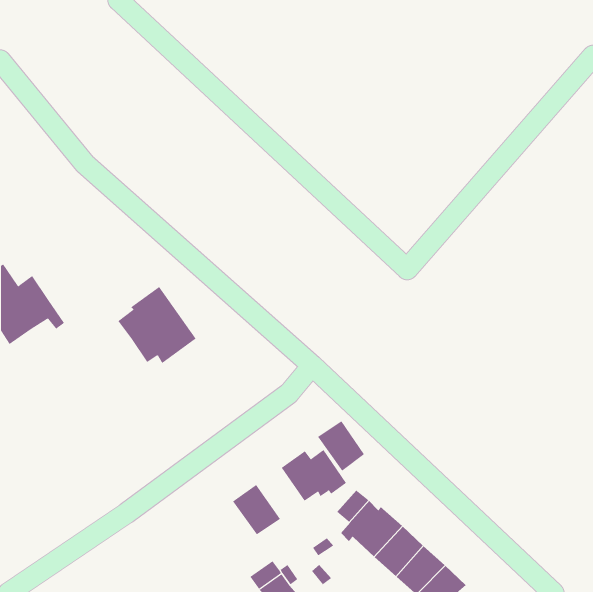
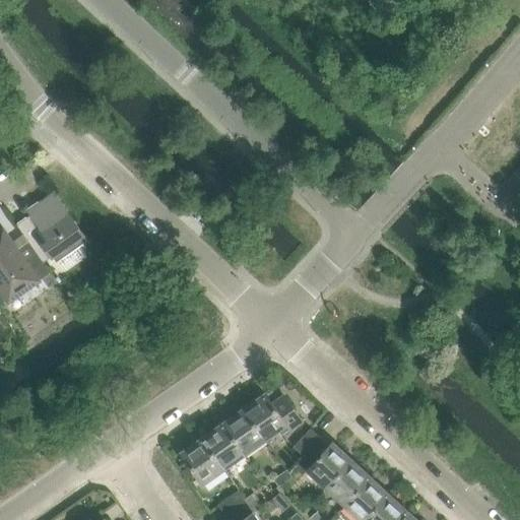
building: [118,286,197,364] -> [17,196,86,264]
building: [317,421,365,472] -> [224,410,266,455]
building: none -> [183,440,224,484]

